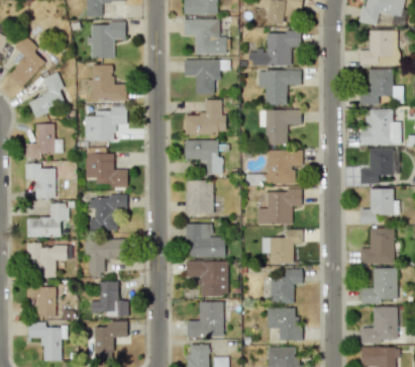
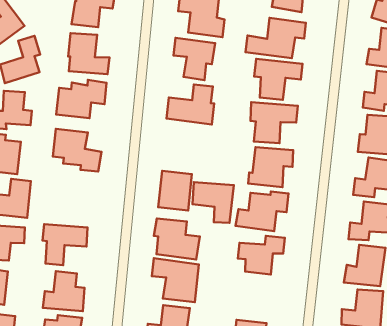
building: [184,140,220,175] -> [192,182,234,223]
building: [89,197,126,231] -> none
building: [270,269,302,304] -> none

